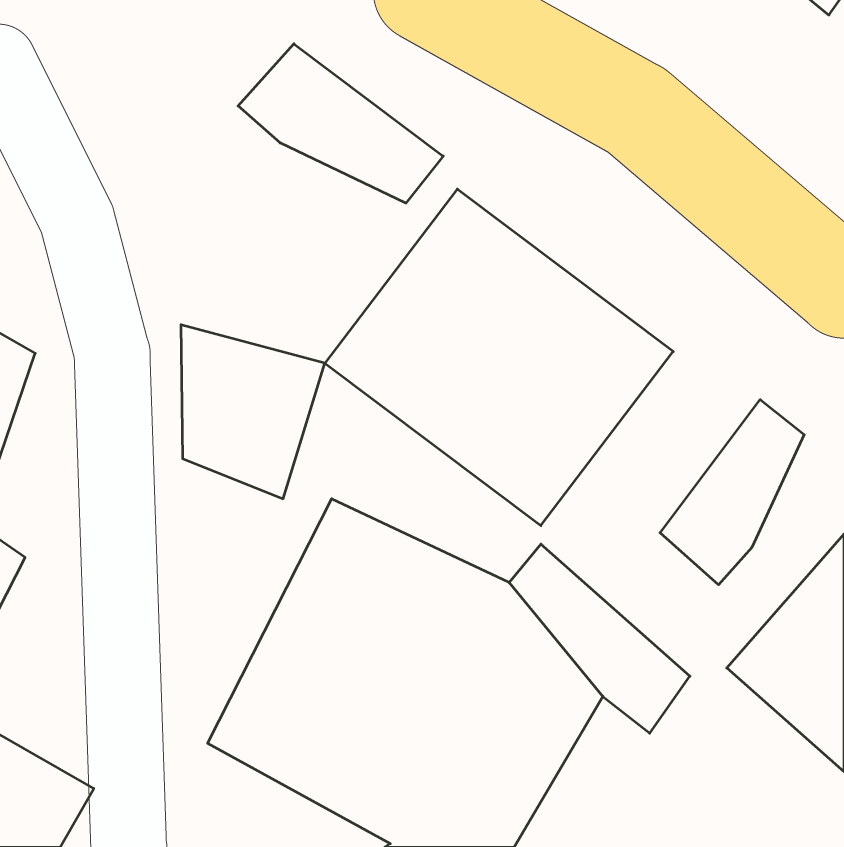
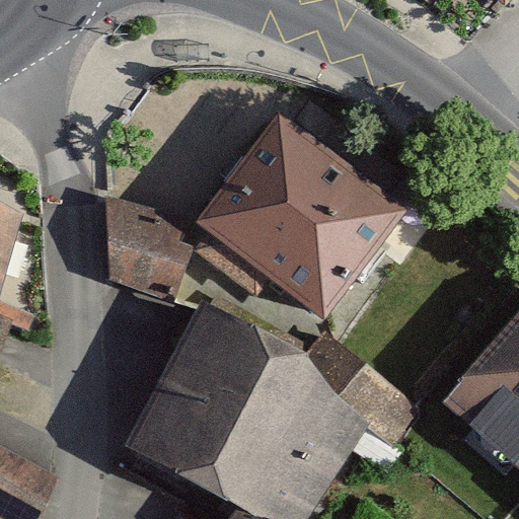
building: [238,44,443,203] -> none
building: [660,400,804,585] -> none

